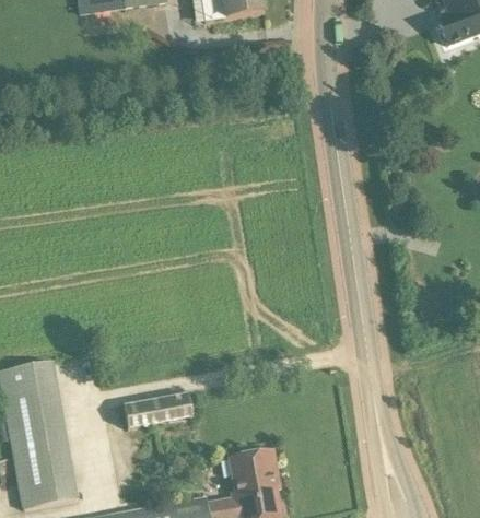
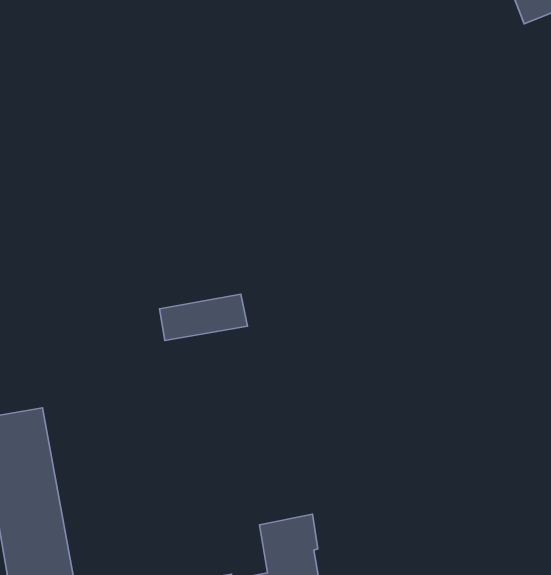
building: [120,387,192,425] -> [160,294,247,341]

